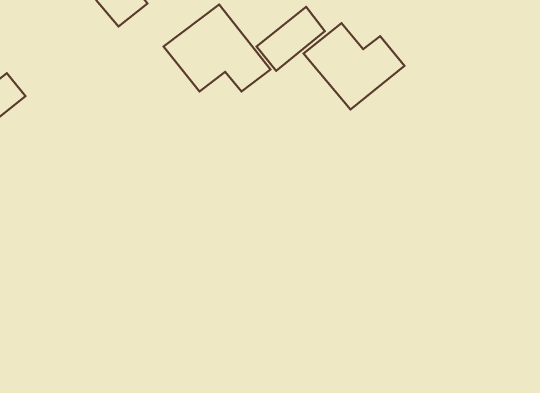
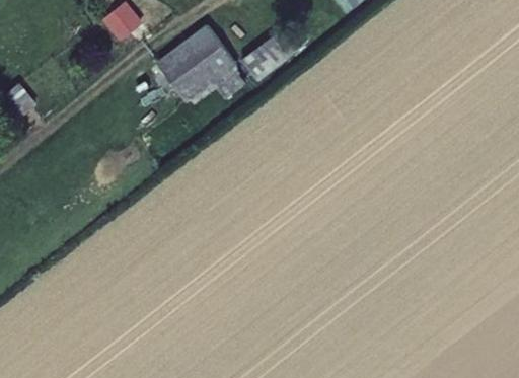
building: [304,23,405,109] -> none

